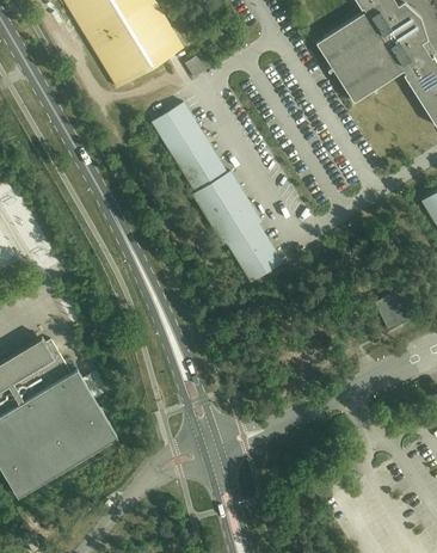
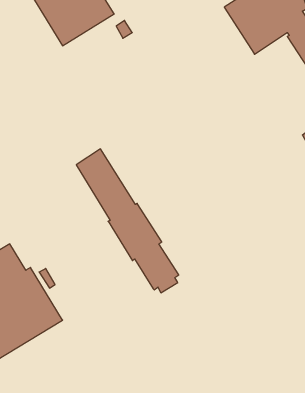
building: [152,102,282,284] -> [76,149,179,293]
building: [374,290,408,330] -> none

